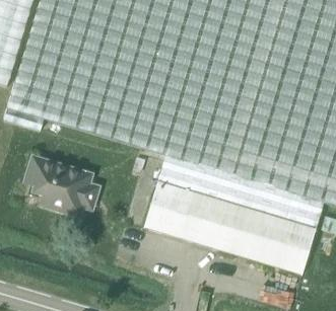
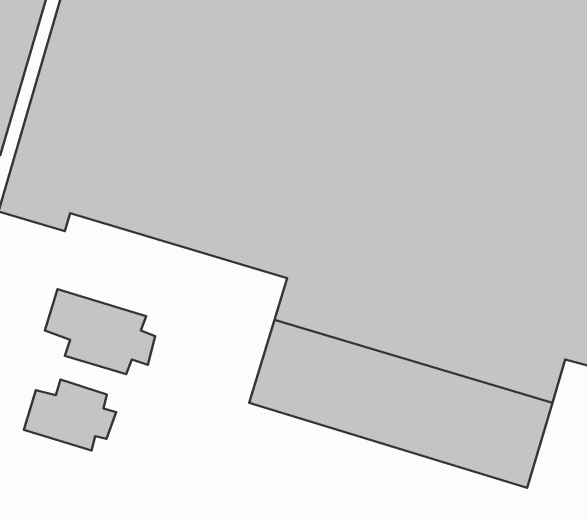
building: none -> [24,379,116,450]

